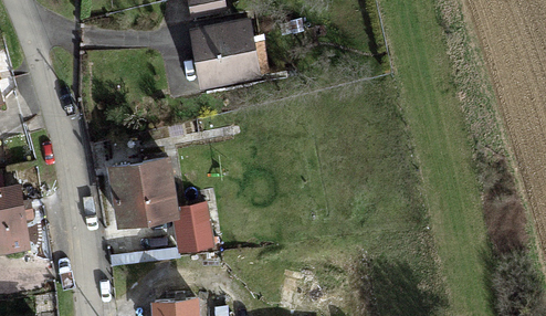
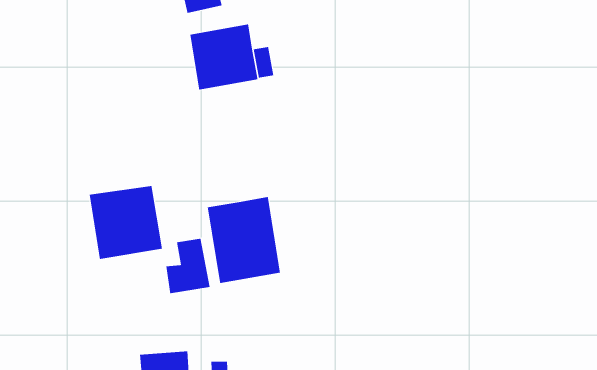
building: none -> [207,196,281,284]

